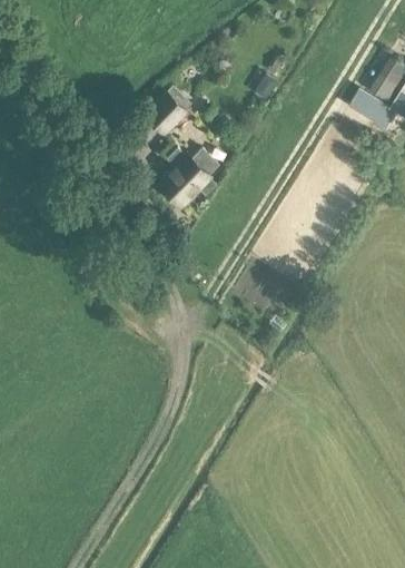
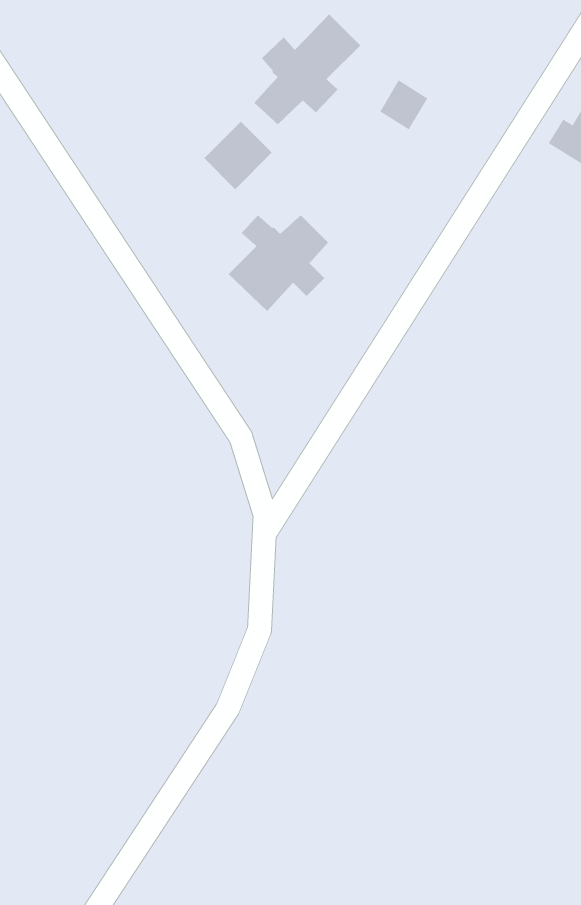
building: none -> [254,14,361,125]

